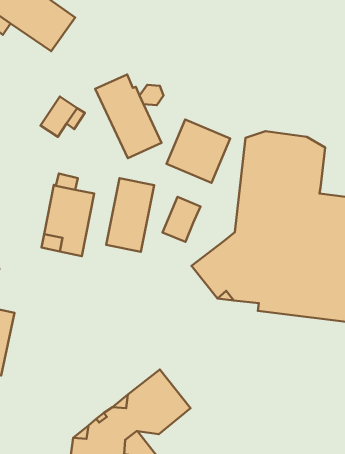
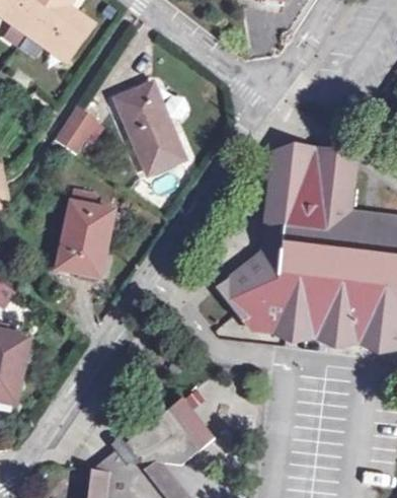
building: [167,120,230,183] -> none
building: [106,178,154,252] -> none
building: [163,197,200,242] -> none

